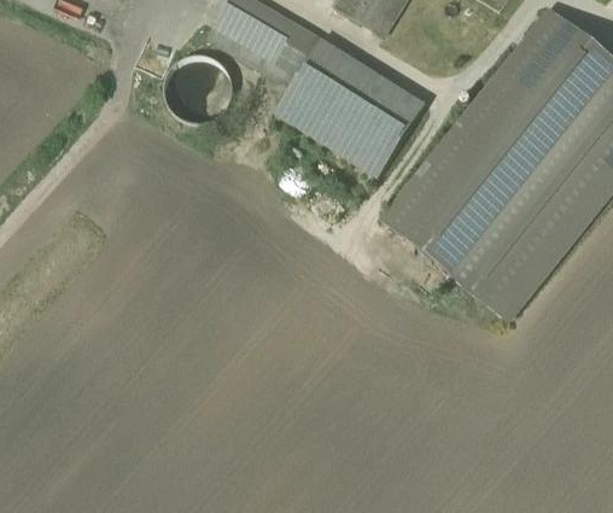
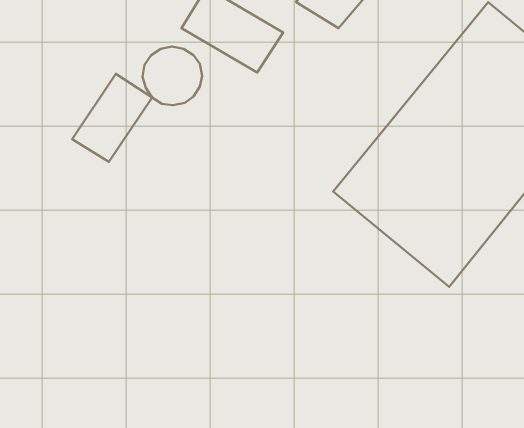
building: [276,39,425,175] -> none
building: none -> [72,74,152,162]

